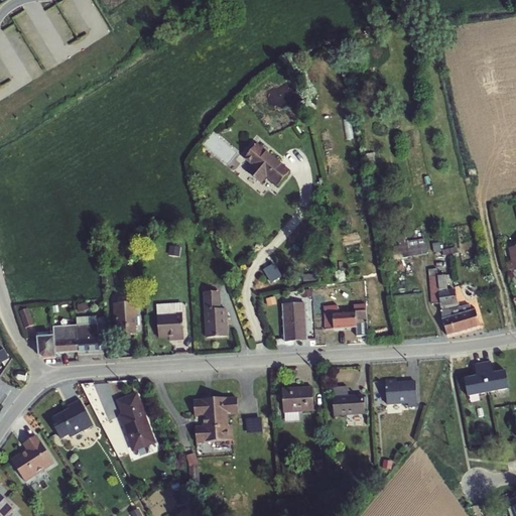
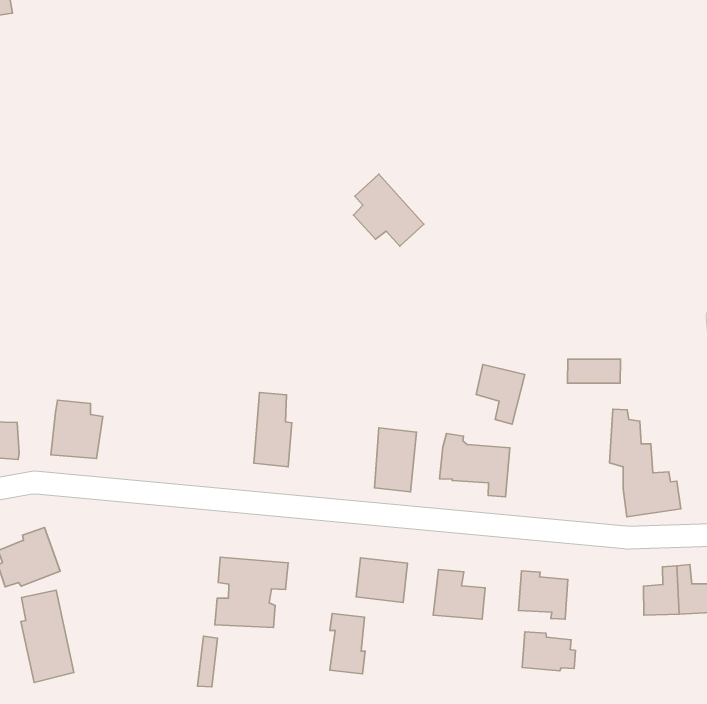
building: none -> [476,365,525,424]
building: [112,301,137,339] -> none
building: [155,301,183,340] -> none
building: [51,324,76,353] -> none
building: [115,391,155,452] -> [21,590,74,682]
building: none -> [522,632,575,671]
building: none -> [330,613,365,674]

